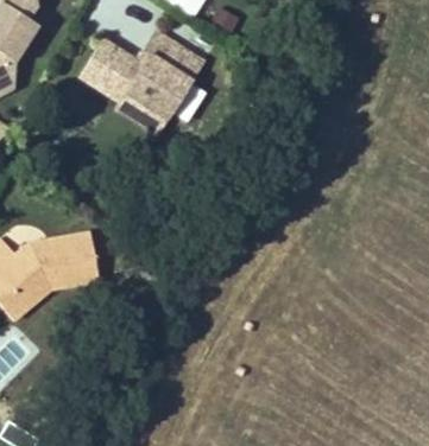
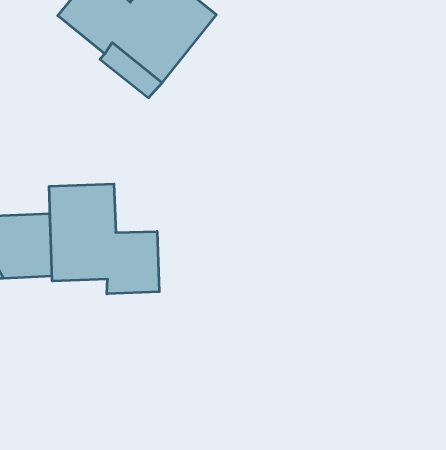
building: none -> [49,184,159,294]

